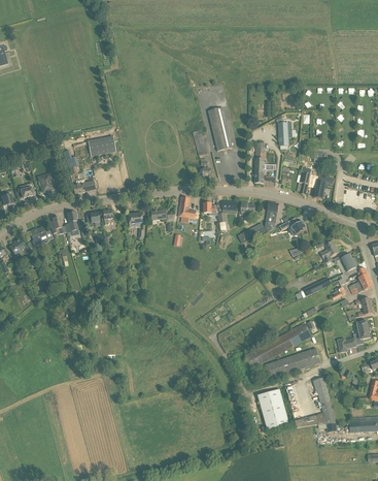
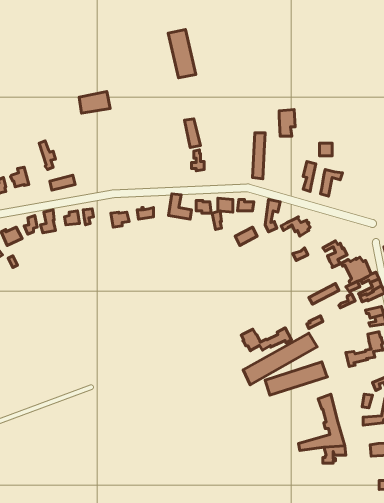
building: [207,106,232,150] -> [168,30,196,78]
building: [88,135,115,155] -> [79,91,110,113]
building: none -> [241,328,292,351]
building: [257,388,288,428] -> none

